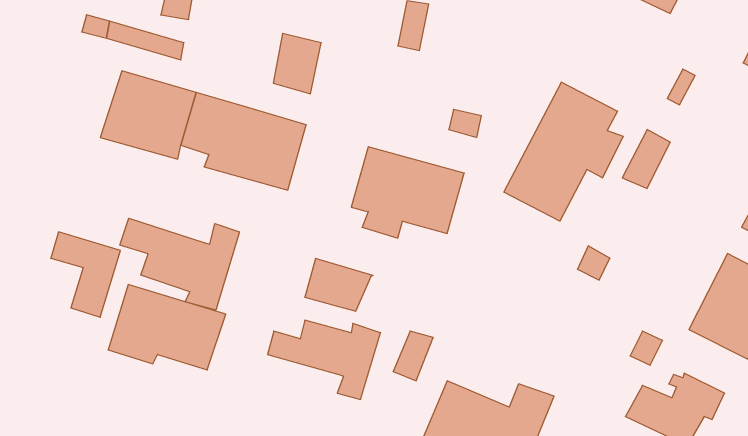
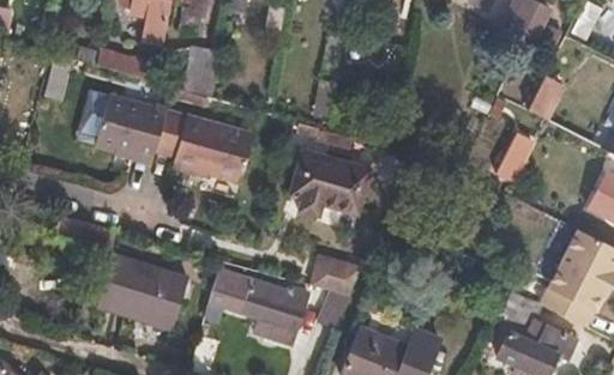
building: [273,33,321,94] -> [182,49,219,96]
building: [504,82,623,221] -> none
building: [120,218,239,310] -> none
building: [305,258,373,311] -> [309,254,362,295]

